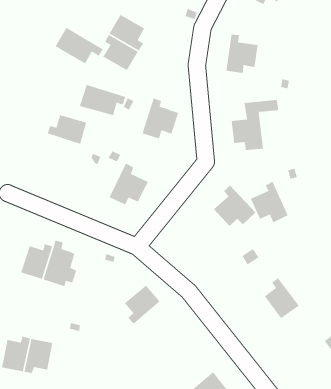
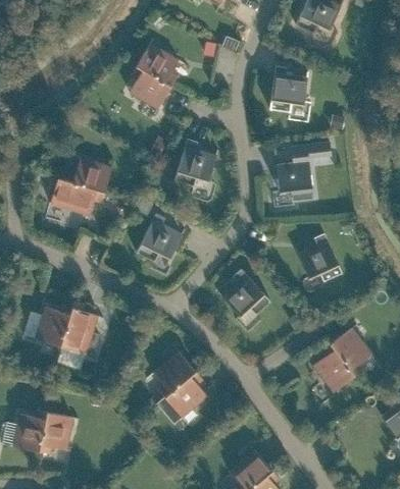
building: [55,27,104,65] -> none
building: [79,84,126,116] -> [50,178,104,215]
building: [213,185,256,227] -> [221,269,270,317]
building: none -> [330,328,370,376]
building: none -> [156,371,207,424]

